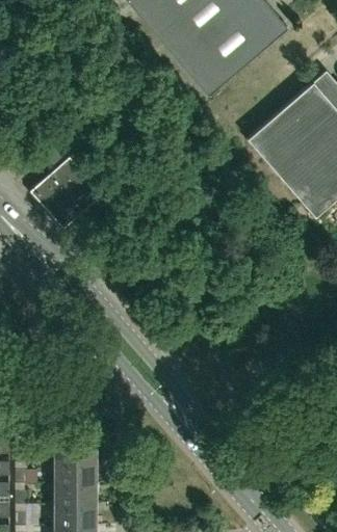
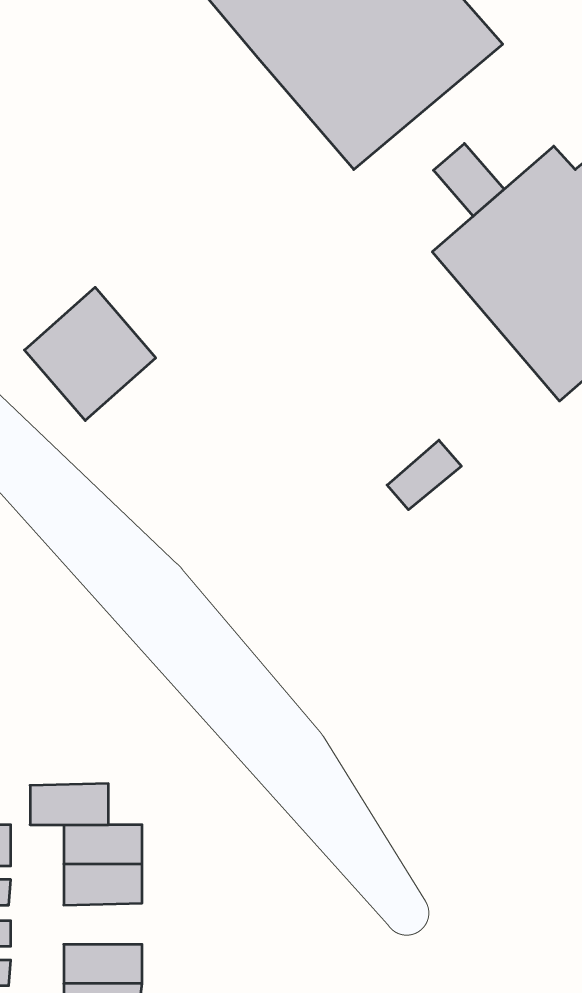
building: none -> [433,143,504,216]
building: none -> [387,440,461,510]
building: [54,481,96,503] -> [30,784,108,825]

